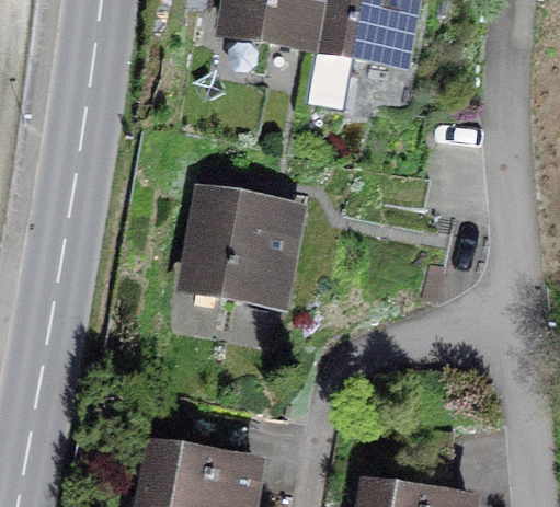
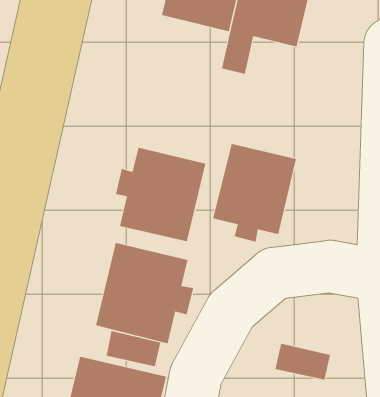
building: none -> [213,143,297,242]
building: none -> [95,242,194,344]

